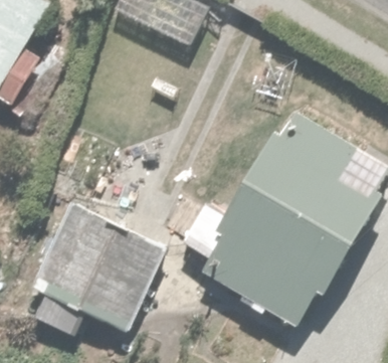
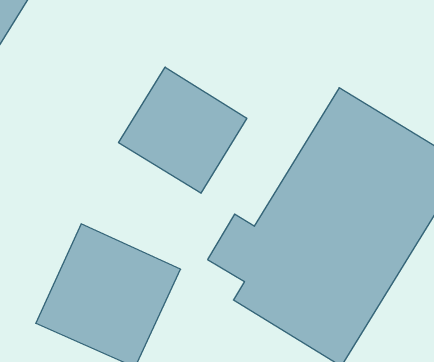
building: none -> [119,67,247,193]

